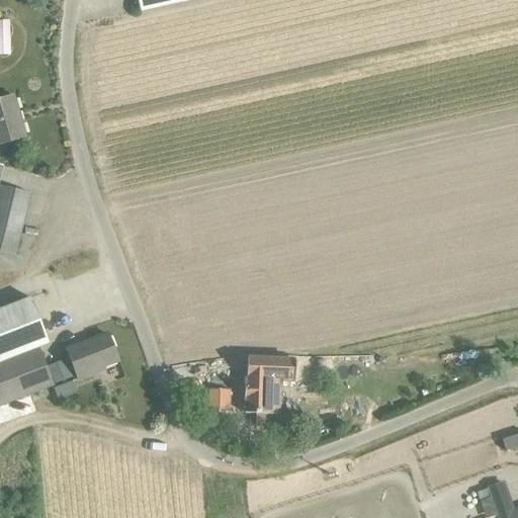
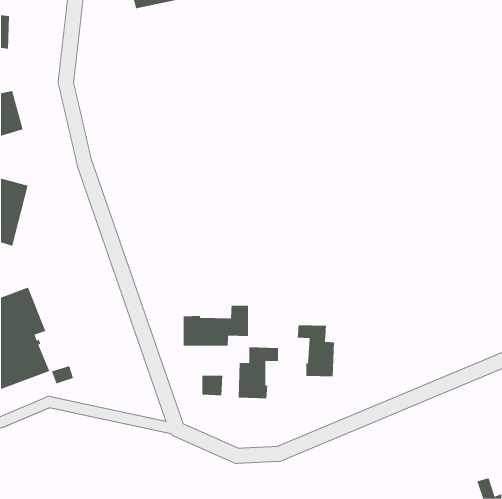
building: none -> [183,305,249,346]
building: [66,332,117,376] -> none
building: none -> [297,324,335,377]

